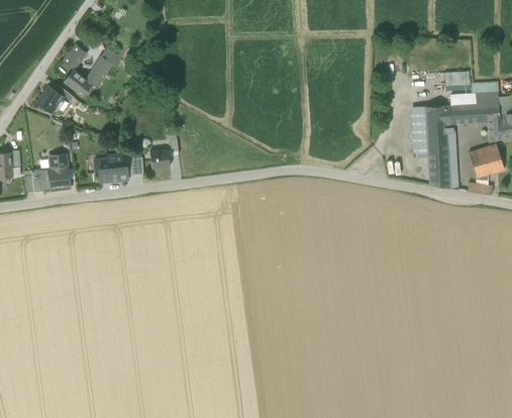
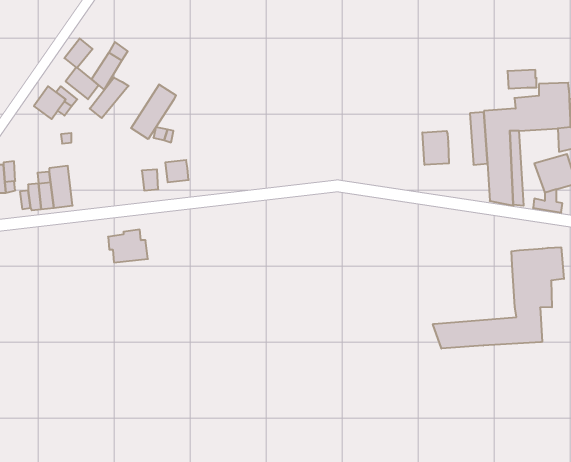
building: none -> [90,77,129,118]
building: none -> [131,84,176,139]
building: none -> [422,131,449,165]
building: [94,154,128,183] -> [108,230,148,262]
building: none -> [433,247,564,349]

